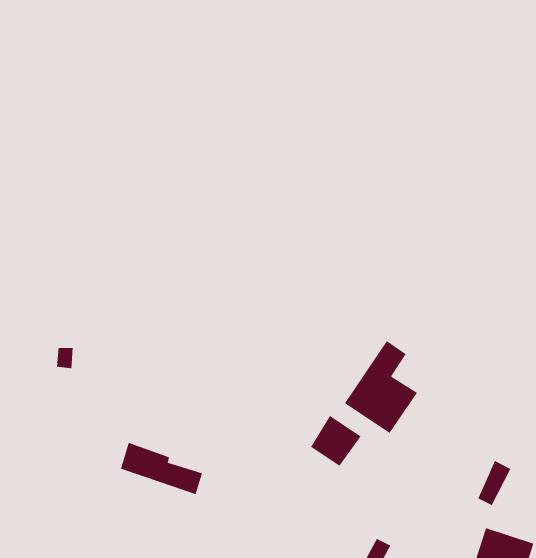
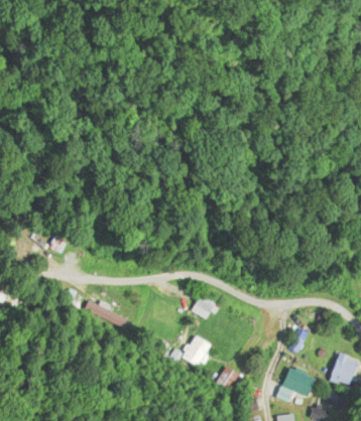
building: [344,340,418,434] -> none
building: none -> [183,334,216,370]

